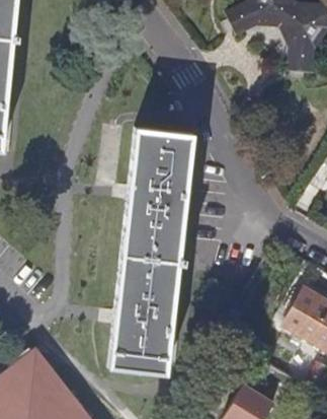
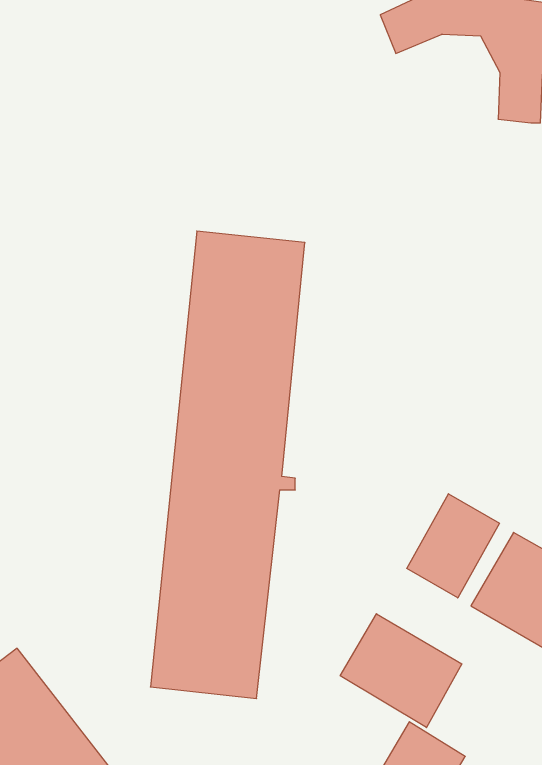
building: none -> [407,494,499,598]
building: none -> [340,614,462,728]

